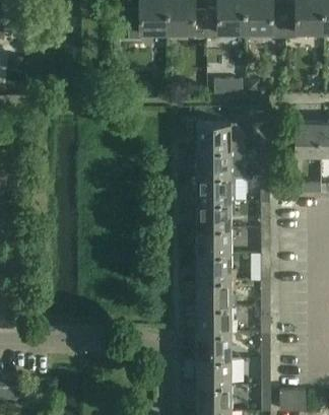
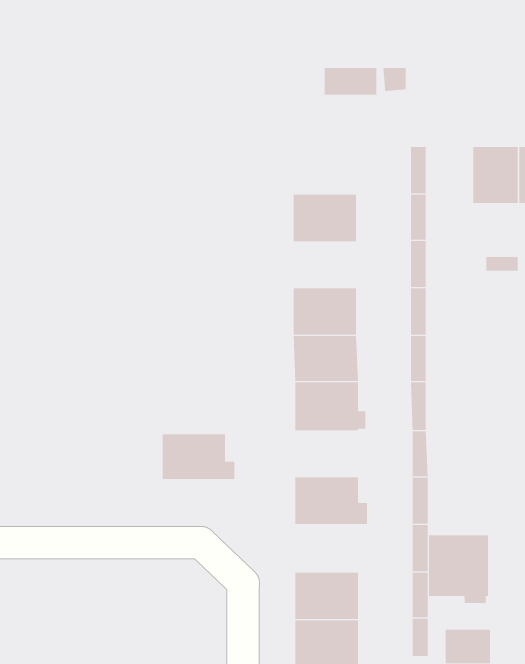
building: [196,124,246,151] -> none
building: [196,177,232,202] -> none
building: [197,281,238,306] -> [162,434,235,480]
building: [197,333,233,359] -> none
building: none -> [428,534,488,604]

